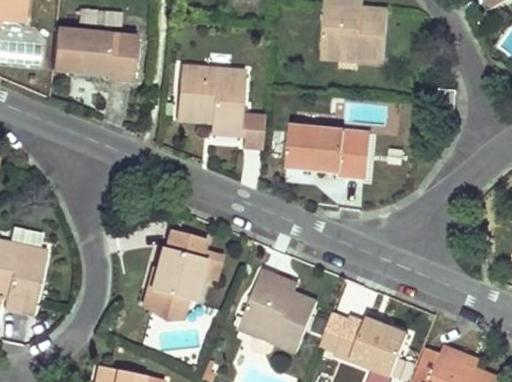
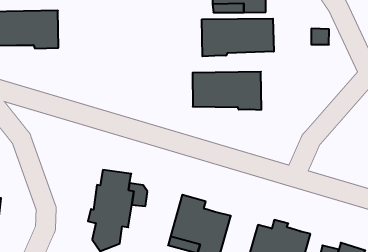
building: none -> [202,19,274,56]
building: [176,66,266,148] -> none

